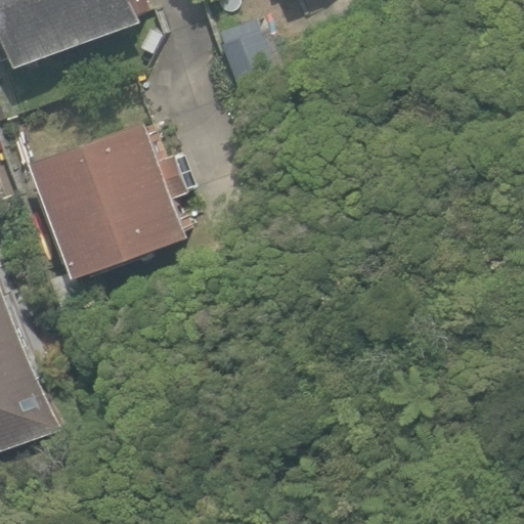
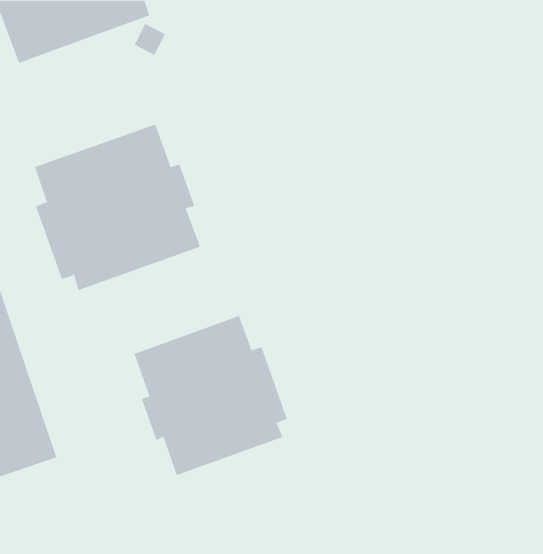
building: none -> [134,315,288,476]

